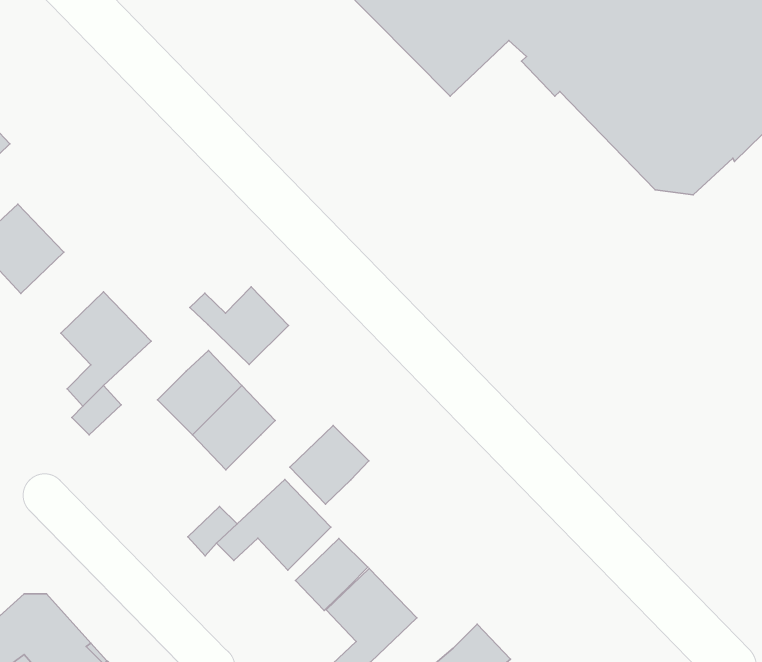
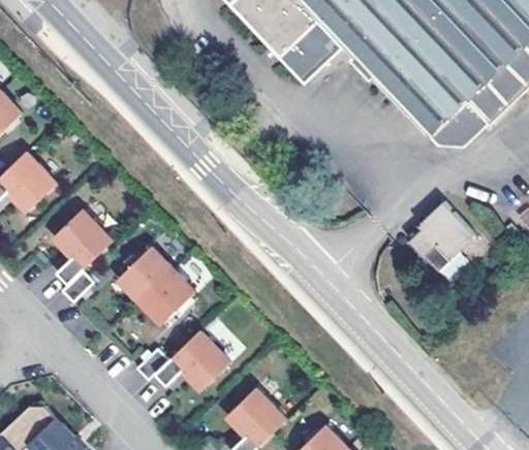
building: none -> [410,199,480,268]
building: [190,287,288,365] -> none
building: [290,425,369,504] -> none
building: [296,539,368,610] -> none

